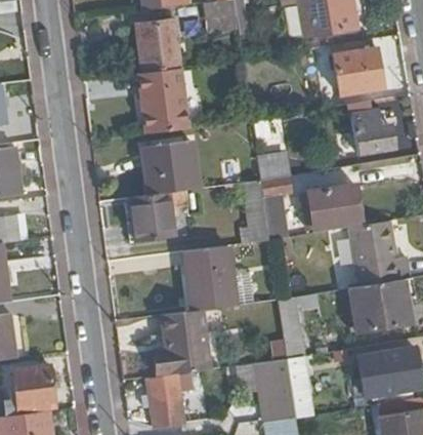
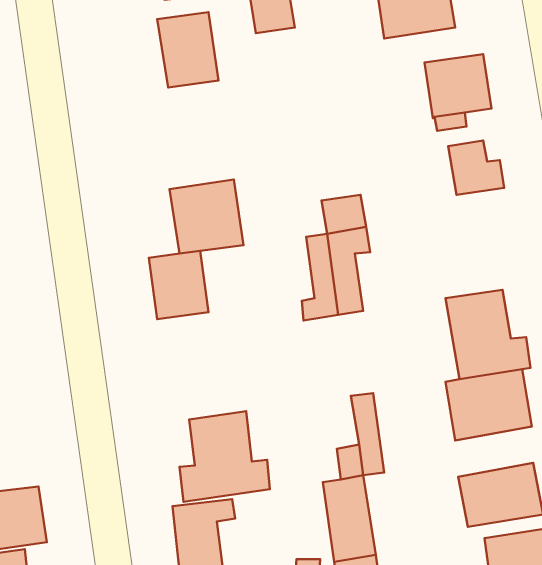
building: [138,68,191,133] -> none
building: [304,183,362,231] -> none
building: [180,245,239,313] -> none

